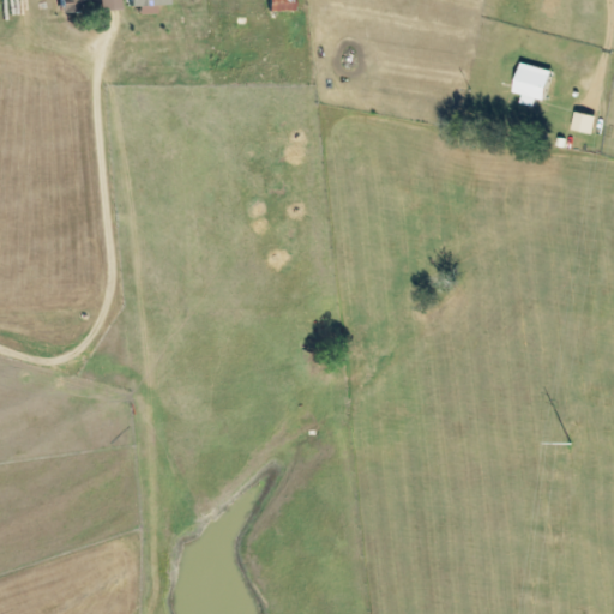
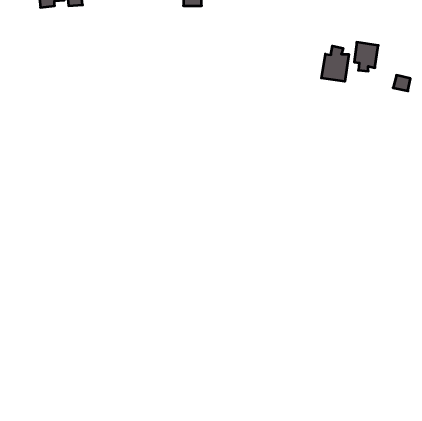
building: none -> [321,46,349,81]

